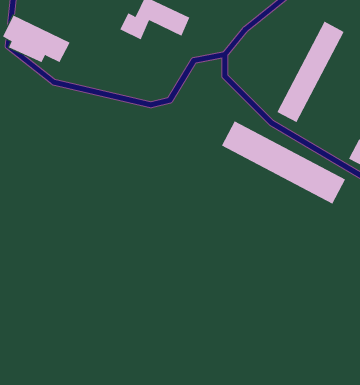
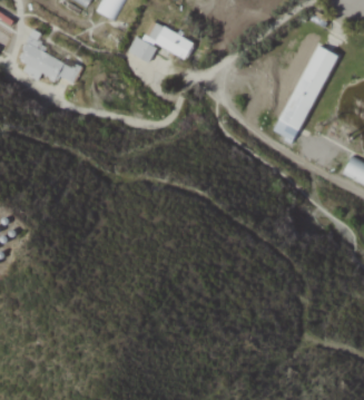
building: [221,120,346,205] -> none

